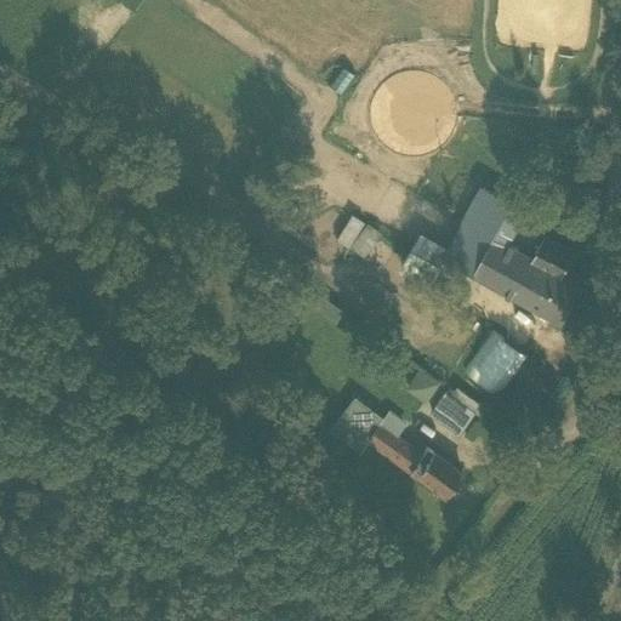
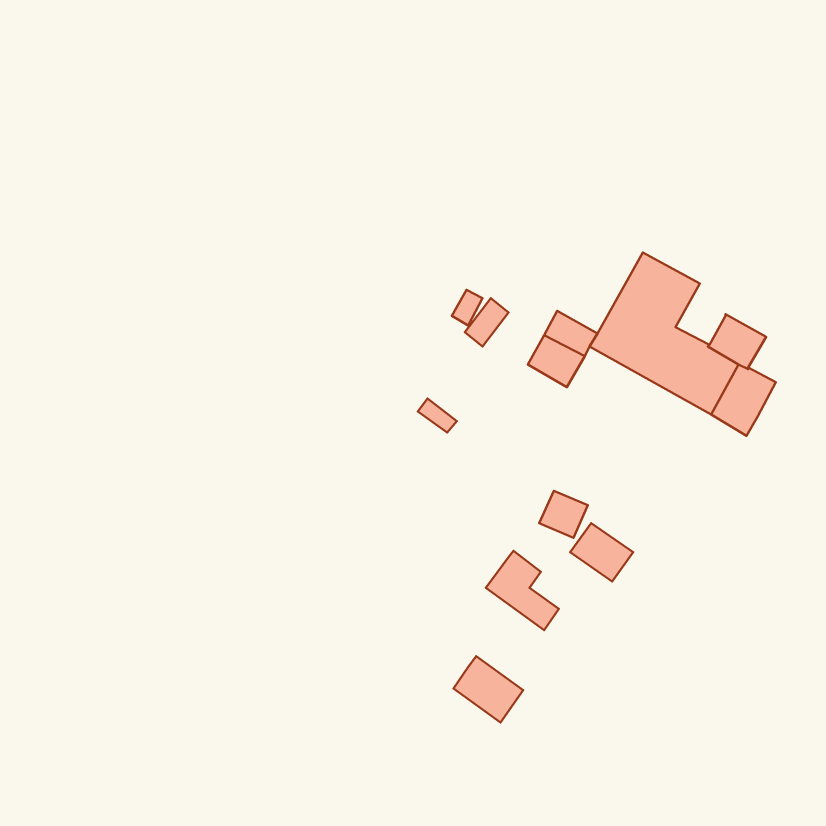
building: [461,330,528,398] -> none
building: [332,399,381,448] -> none
building: [408,449,460,498] -> [453,656,523,723]

